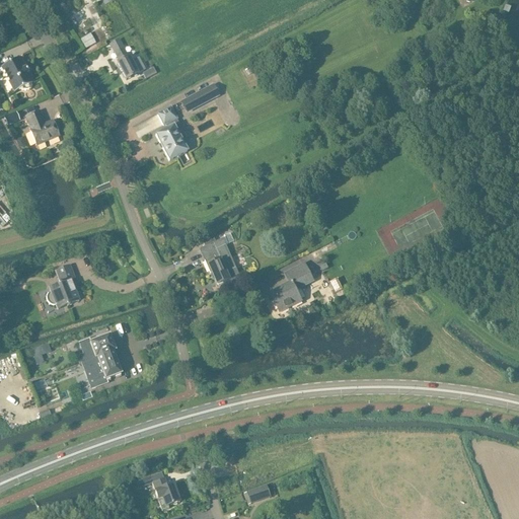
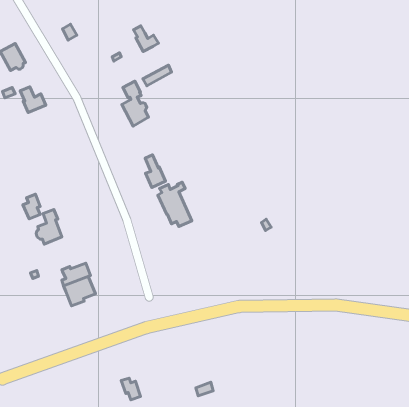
building: [114,46,145,78] -> [134,26,158,51]
building: none -> [145,155,165,187]
building: none -> [23,194,40,219]
building: [270,263,313,310] -> none

